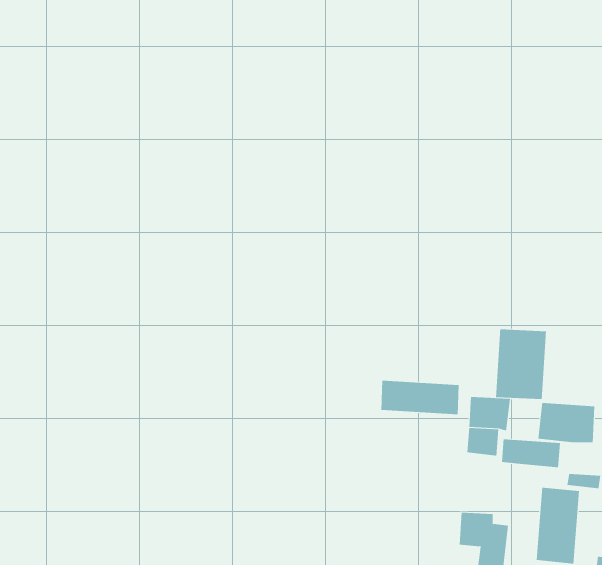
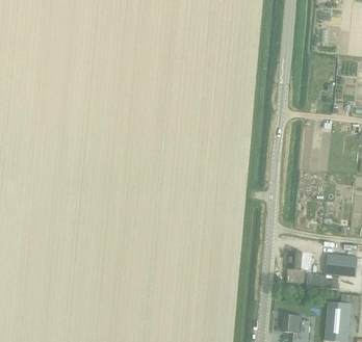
building: [495,329,547,400] -> none
building: [381,380,459,415] -> none

